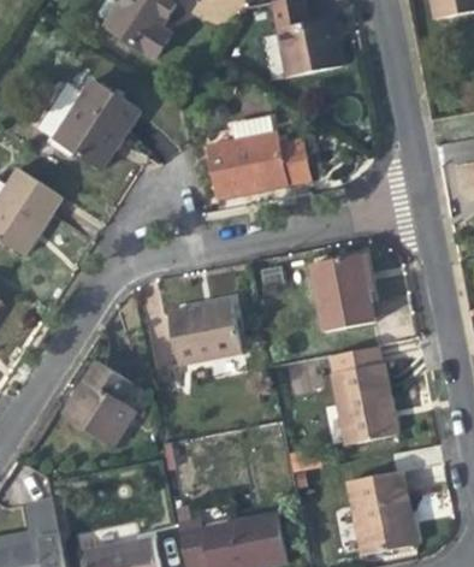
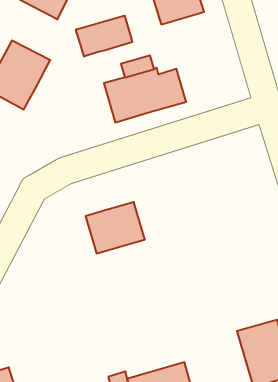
building: none -> [76,16,132,57]
building: [310,254,373,331] -> none
building: [61,361,135,445] -> none
building: [331,362,397,444] -> none

